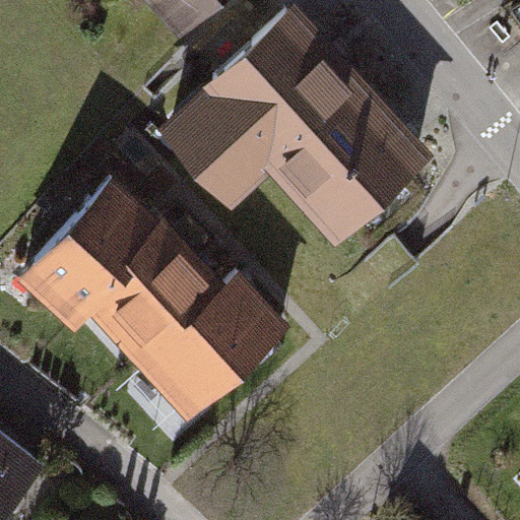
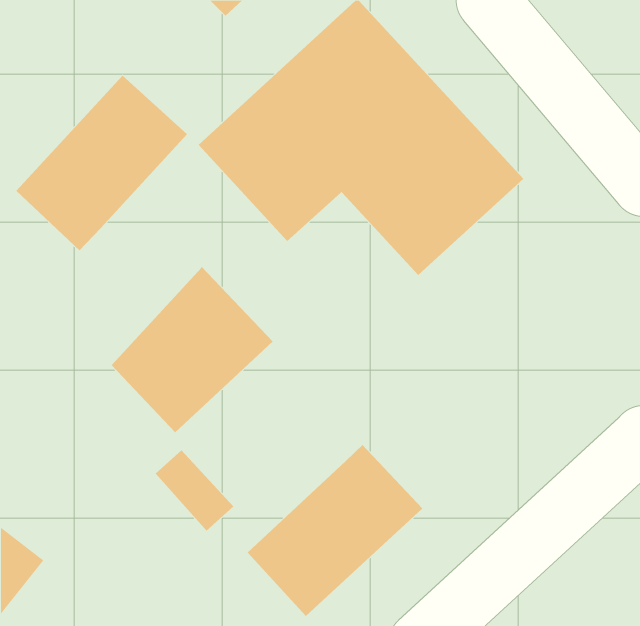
building: [23,185,162,327] -> [15,75,188,251]
building: [144,276,286,415] -> [247,444,423,617]

